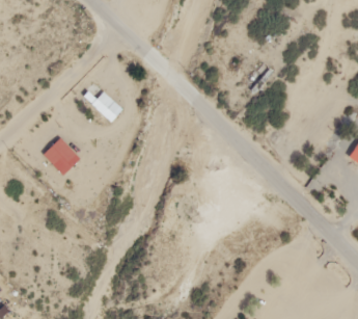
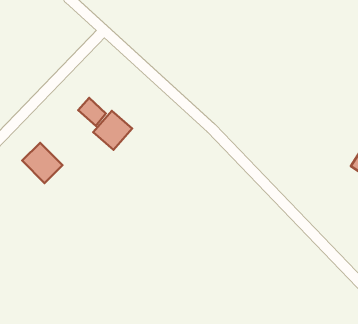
building: none -> [93,111,132,150]

